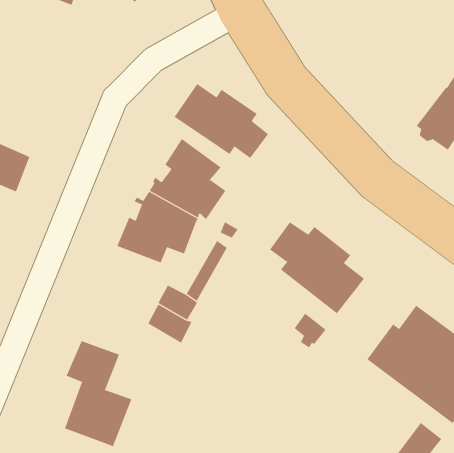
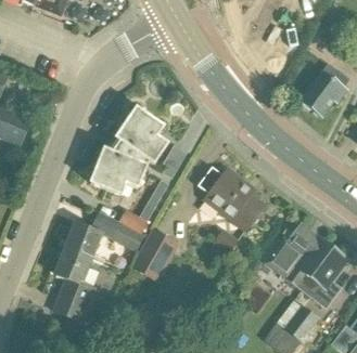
building: [174,83,269,159] -> none
building: none -> [65,223,102,259]
building: none -> [132,228,179,282]

